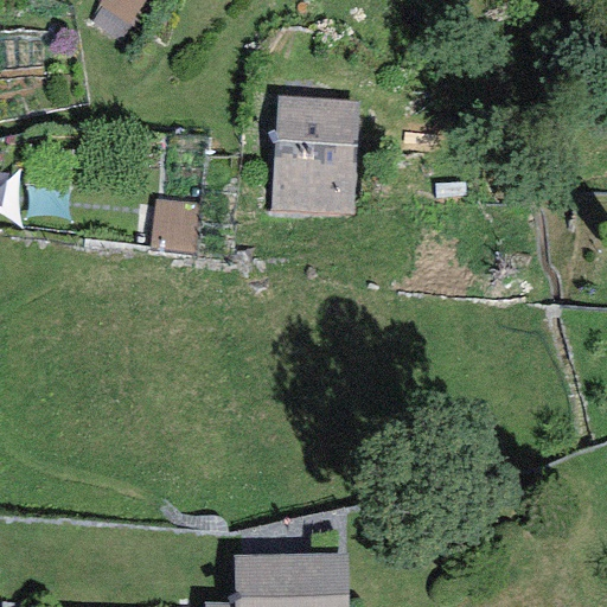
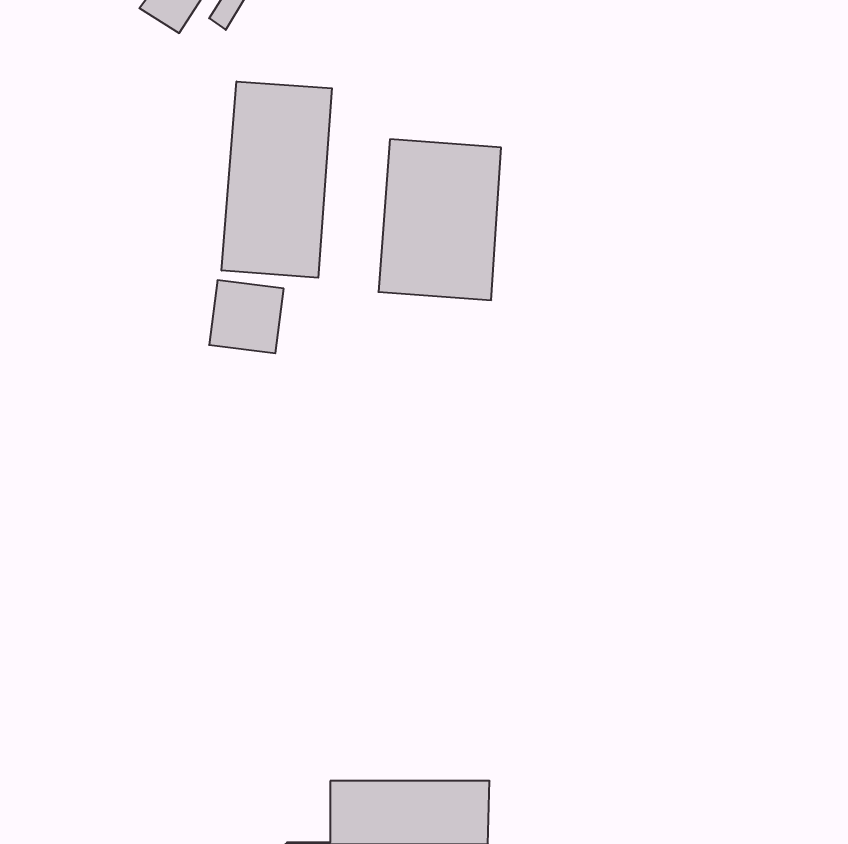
building: none -> [222,81,332,278]

